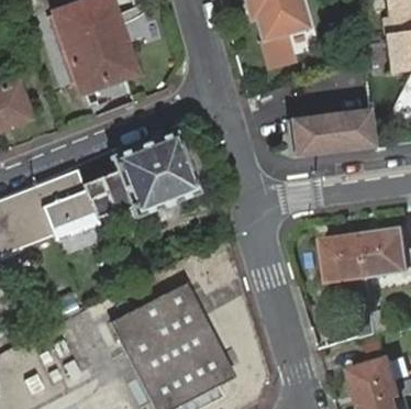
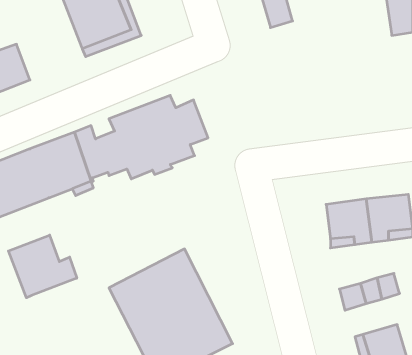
building: [288,109,373,157] -> none
building: none -> [8,235,77,298]

